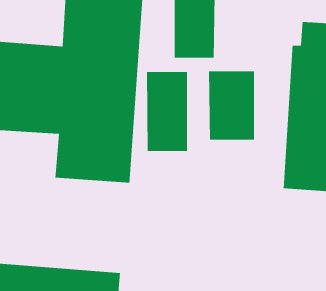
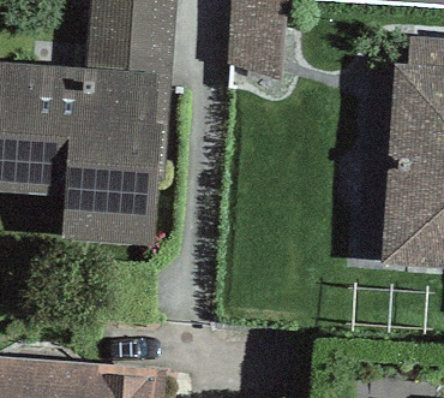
building: [208,71,255,141] -> none
building: [146,71,188,152] -> none

